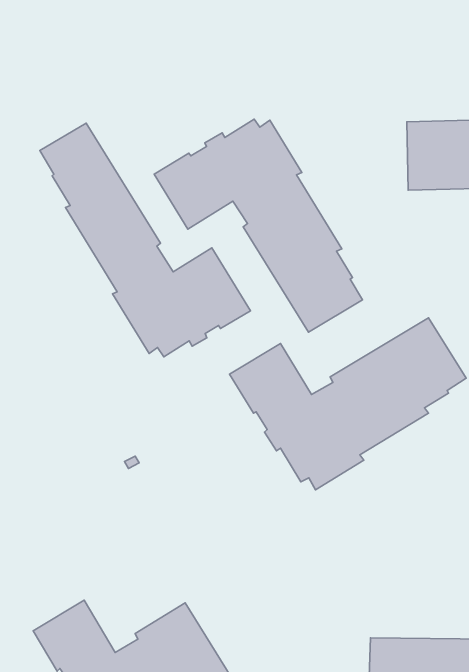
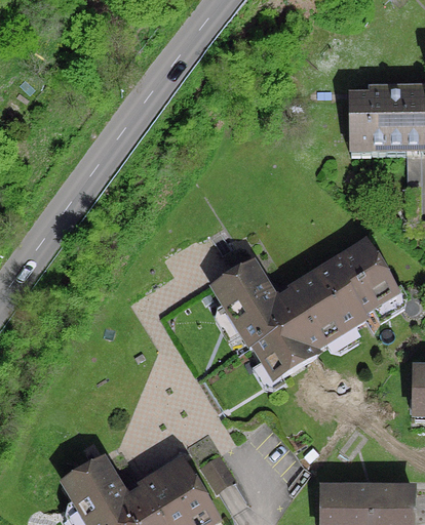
building: [154,119,362,332] -> none
building: [40,123,250,357] -> none

